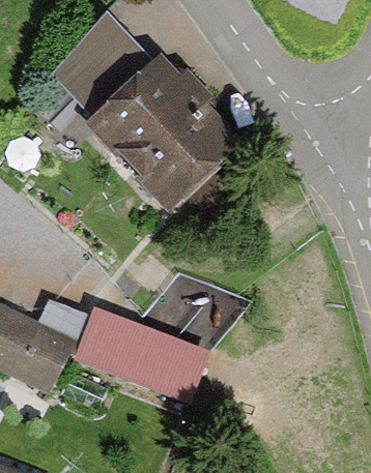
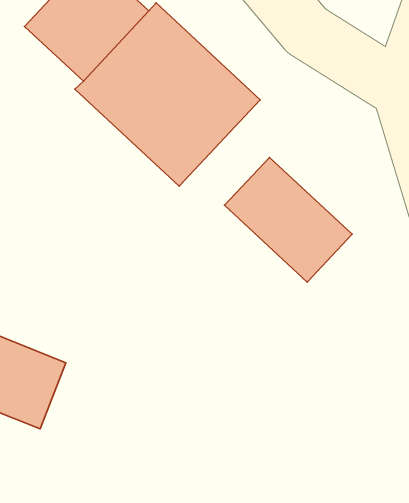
building: none -> [225,157,352,282]
building: [82,304,220,402] -> none

